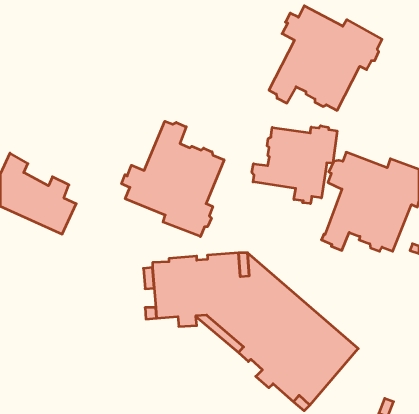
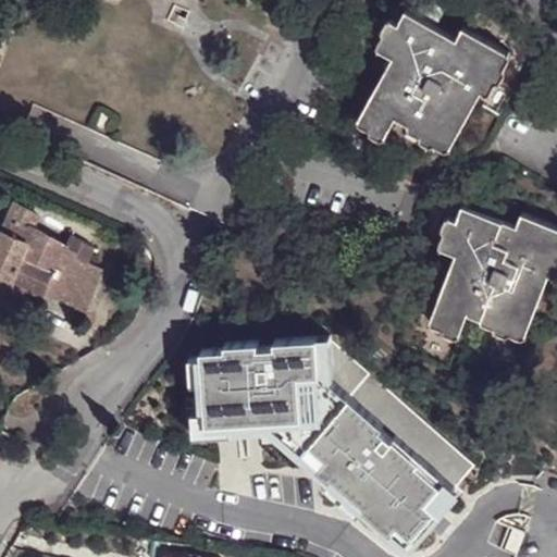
building: [122,121,224,237] -> none
building: [252,126,337,204] -> none

